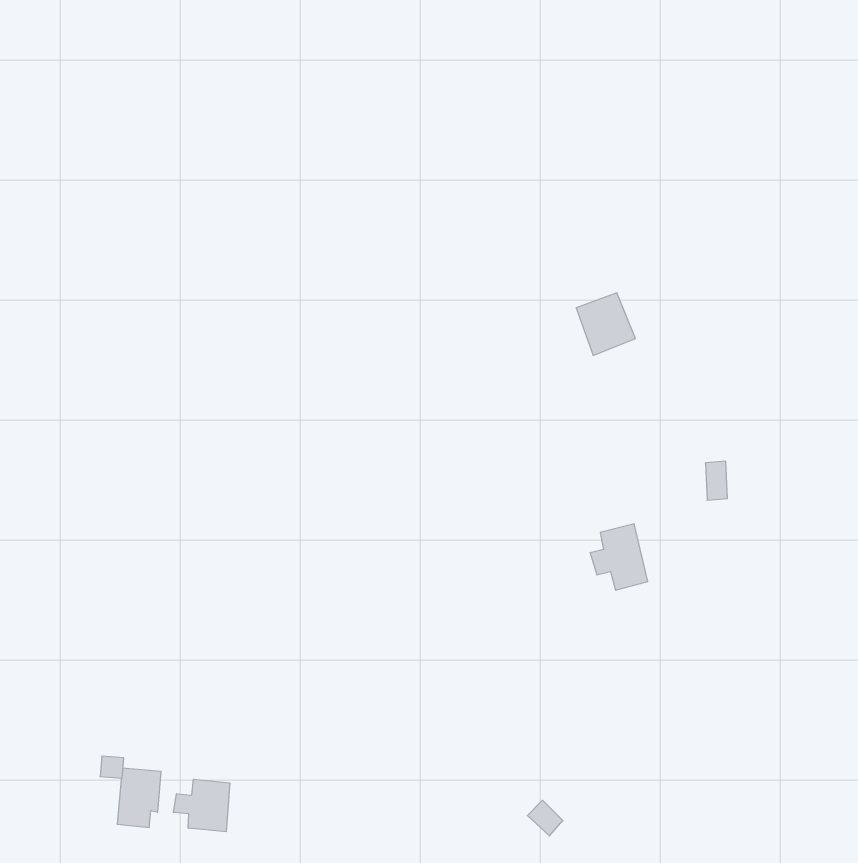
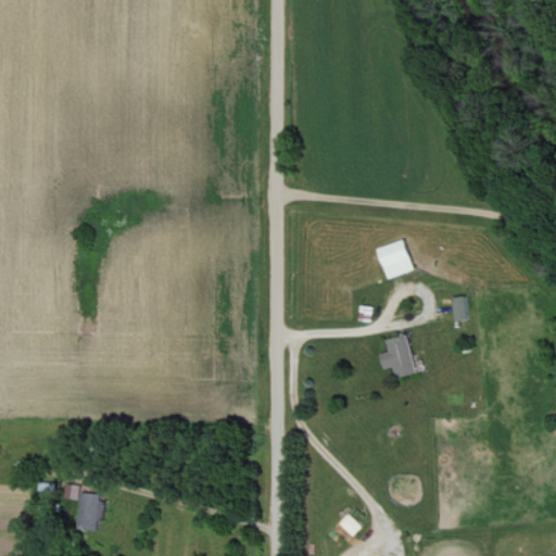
building: [576,293,635,355] -> [376,239,414,279]
building: [173,779,230,832] -> none

